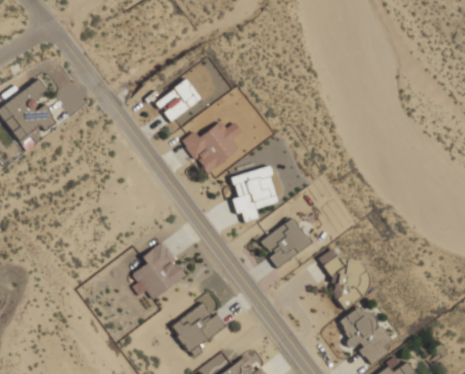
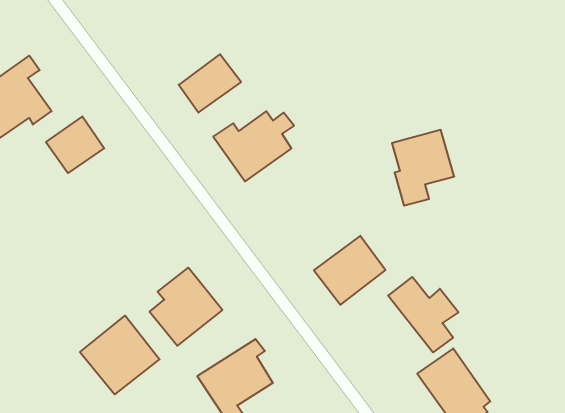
building: none -> [46,116,104,173]
building: [230,166,278,223] -> [392,130,454,206]
building: none -> [80,316,160,394]

